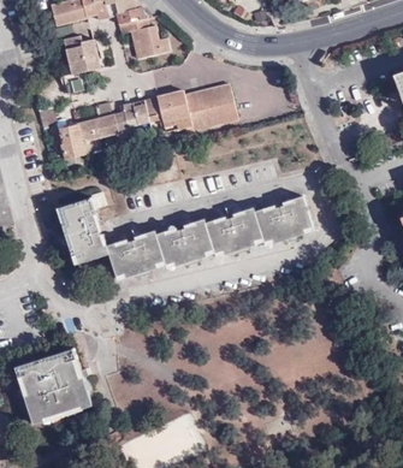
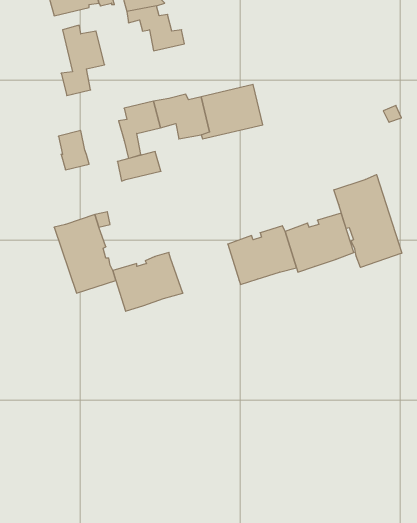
building: [78,115,115,141] -> [117,152,161,181]
building: none -> [334,175,402,267]
building: [155,217,214,268] -> none
building: [14,346,91,423] -> none

